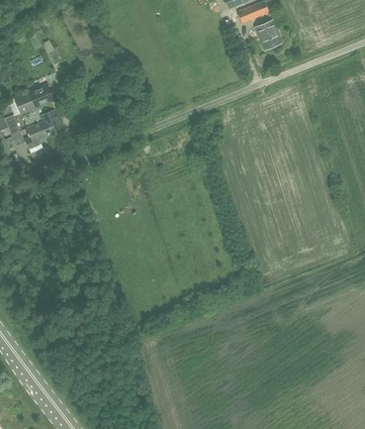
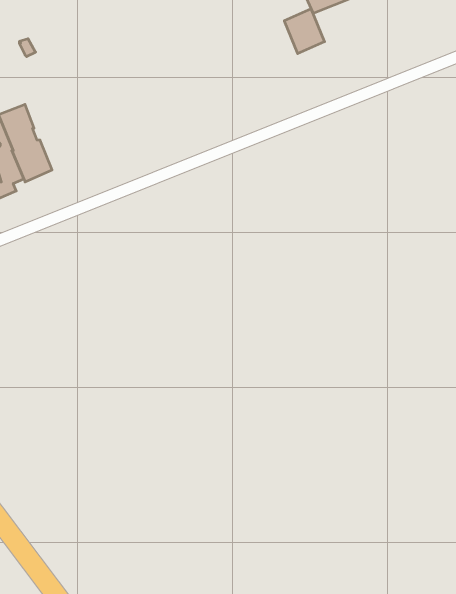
building: [255,19,282,49] -> [284,9,325,54]

